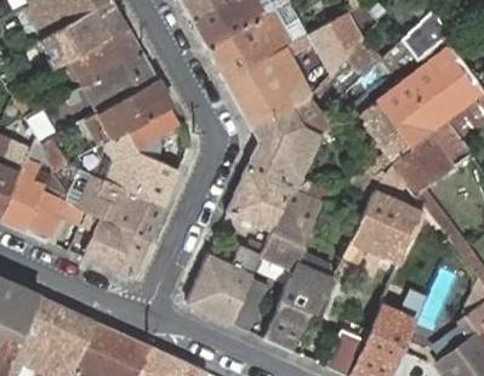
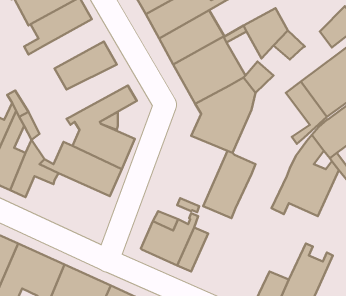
building: [68,25,142,85] -> none
building: [87,80,171,143] -> none
building: [227,166,291,232] -> none
building: [82,211,149,278] -> none
building: [263,253,330,351] -> none

